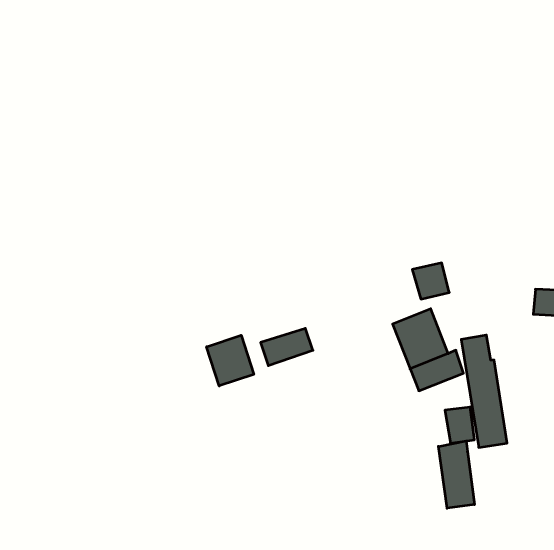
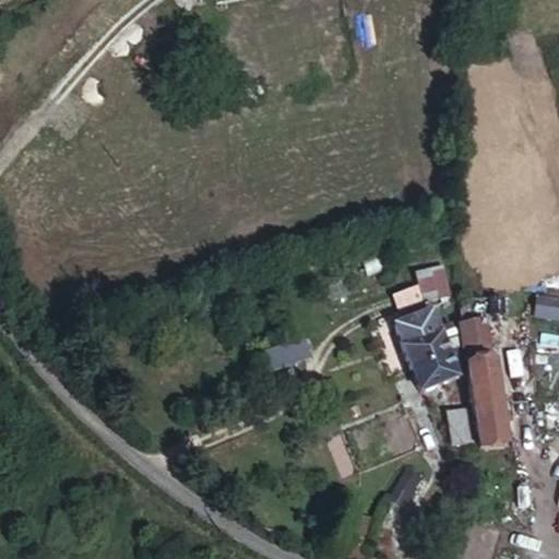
building: [207,335,254,386] -> none
building: [438,441,474,508] -> none

